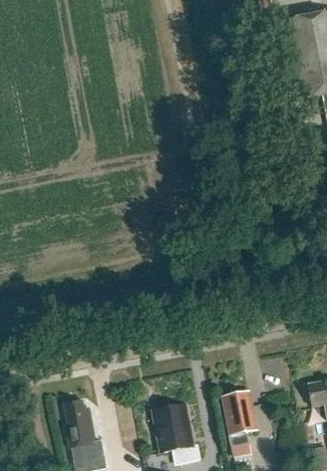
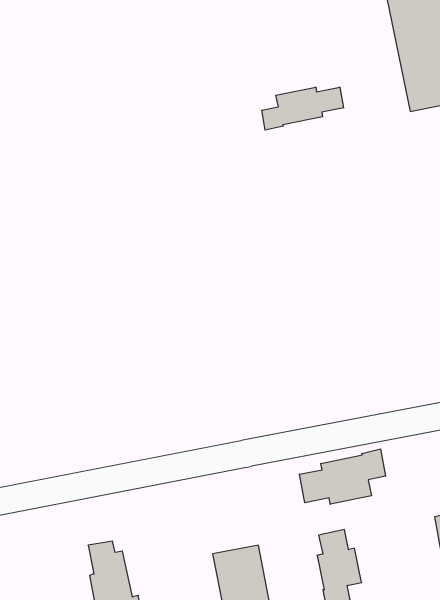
building: none -> [262,87,344,130]
building: none -> [299,449,385,504]

